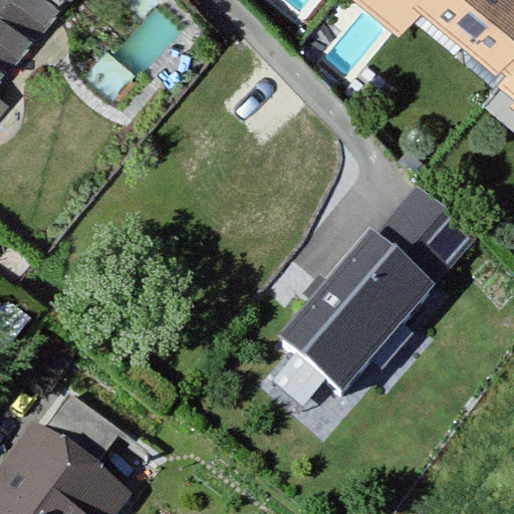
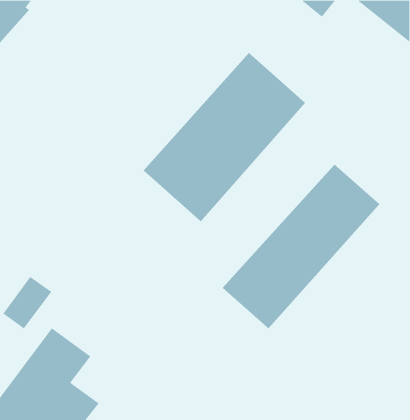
building: none -> [143,52,306,222]

